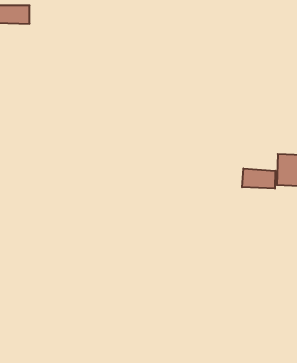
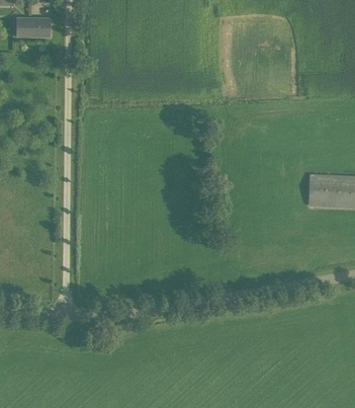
building: [242,168,275,189] -> none

